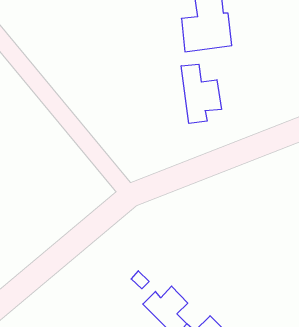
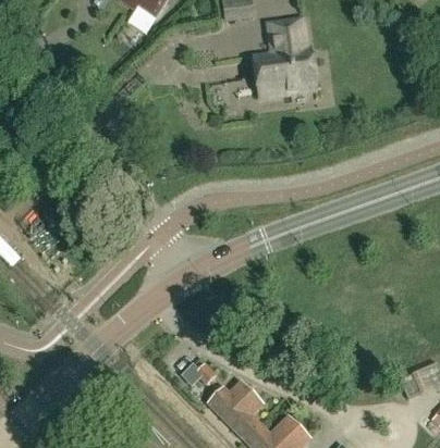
building: [181,64,221,123] -> none

